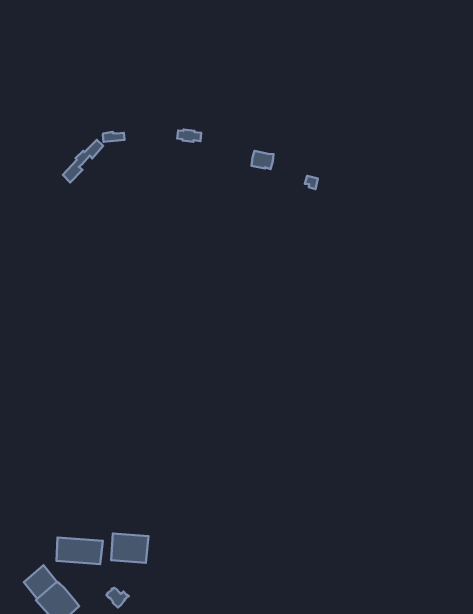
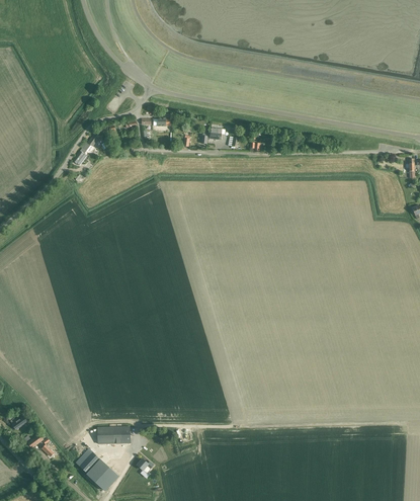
building: [111,533,149,563] -> none

